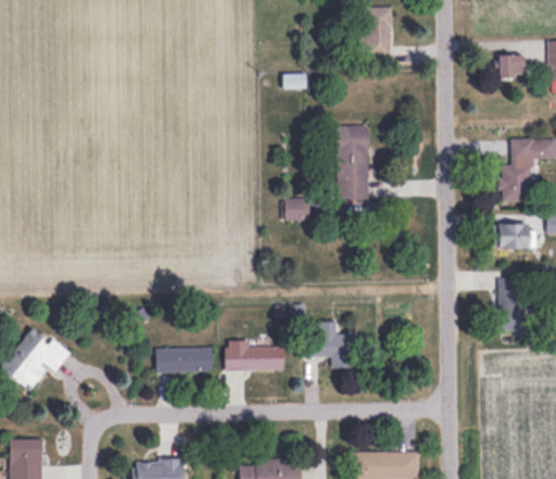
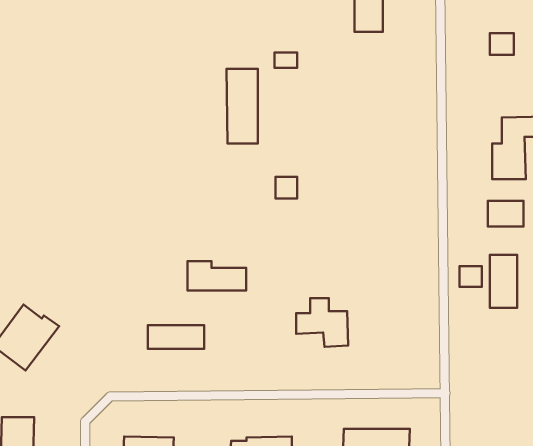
building: [336,126,367,201] -> [226,69,258,143]
building: none -> [460,266,482,287]
building: [225,340,283,369] -> [188,261,246,290]

